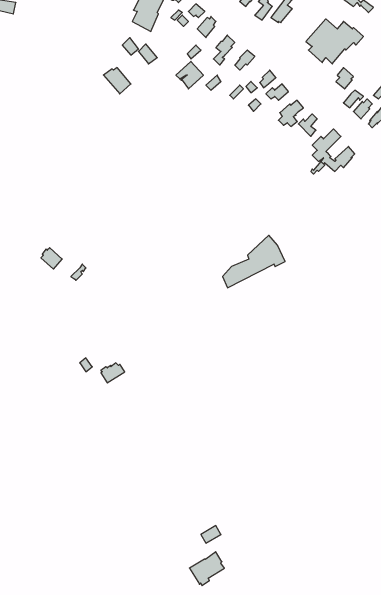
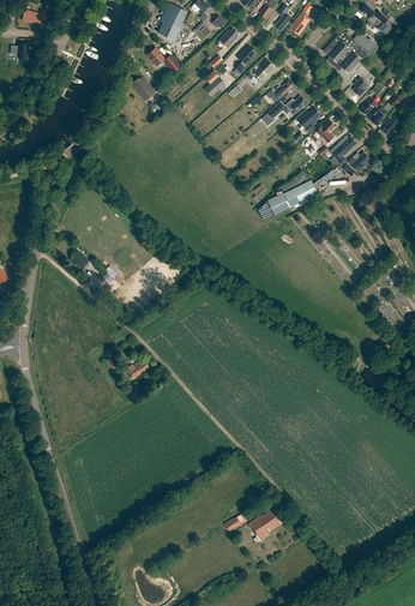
building: [223,235,285,288] -> [259,170,319,221]
building: [189,552,224,586] -> [248,508,282,540]

